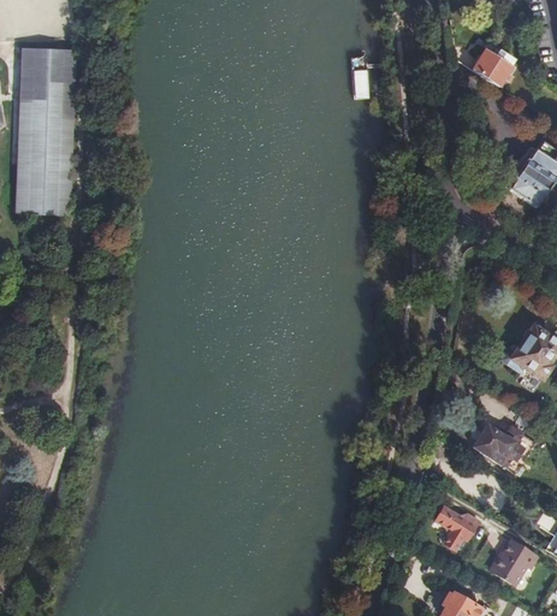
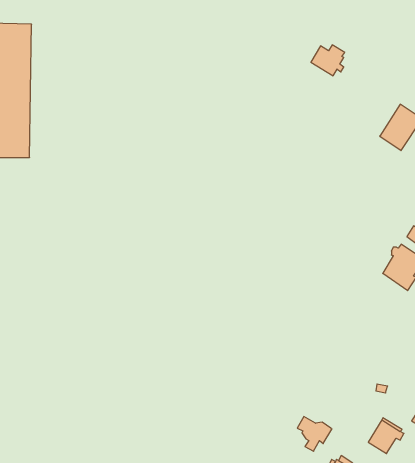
building: [470,48,512,87] -> [311,45,345,76]
building: [473,426,521,468] -> none
building: [437,505,480,549] -> [297,417,332,451]

